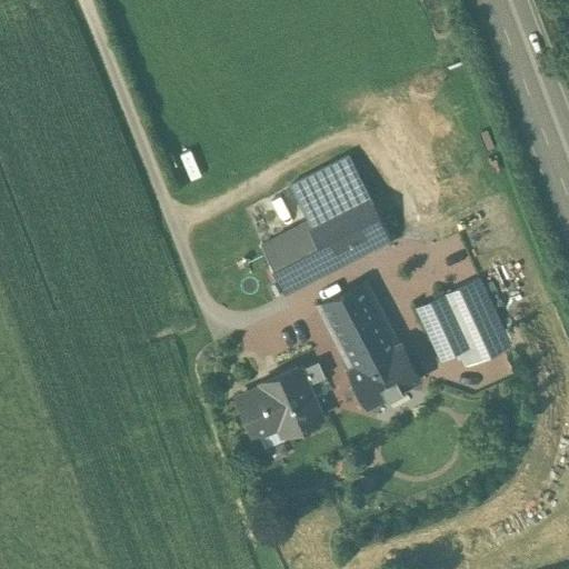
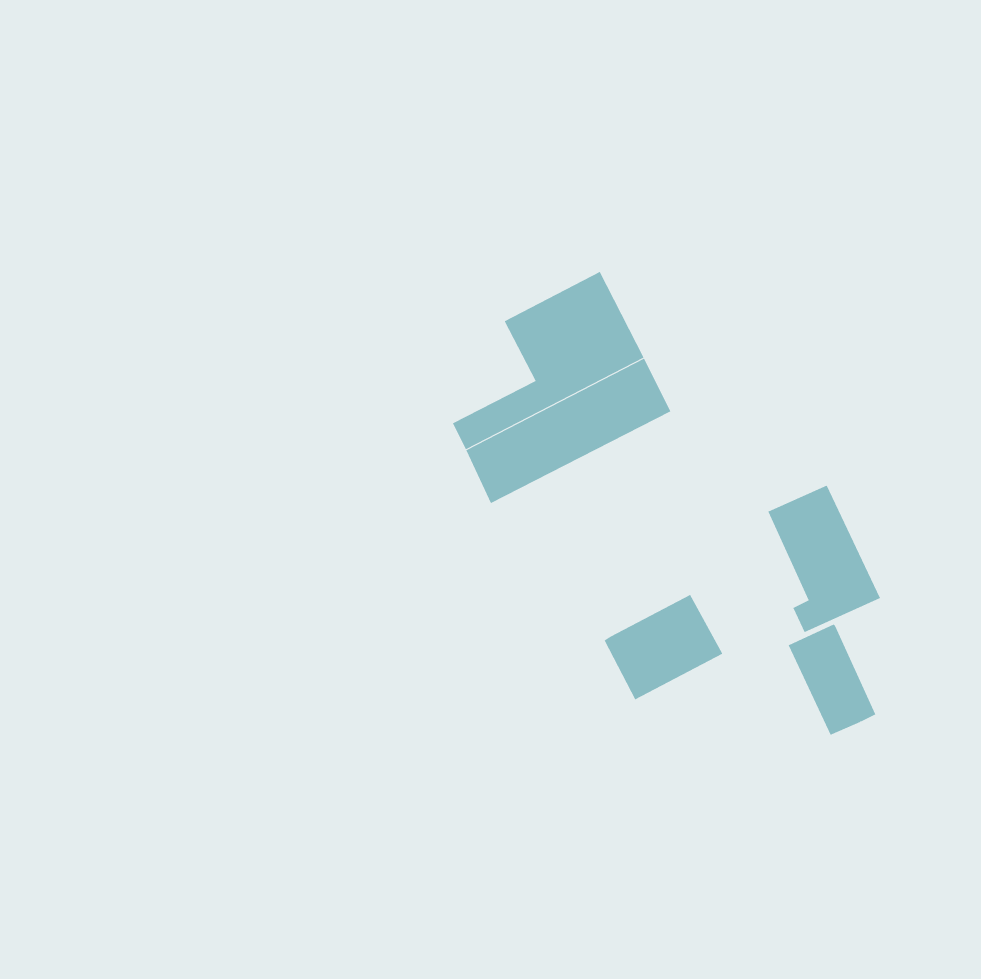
building: [321,284,397,370] -> none
building: [417,297,468,361] -> [788,624,876,736]
building: [239,362,326,436] -> none

